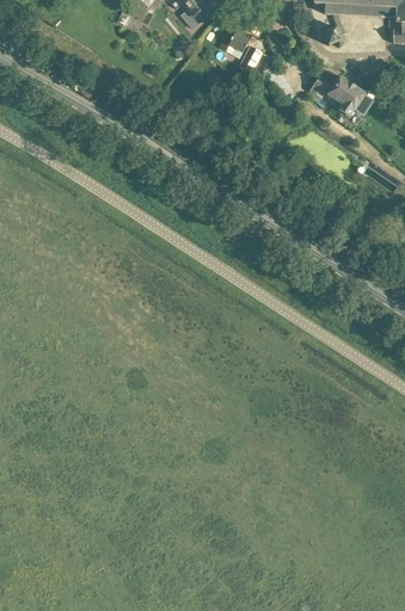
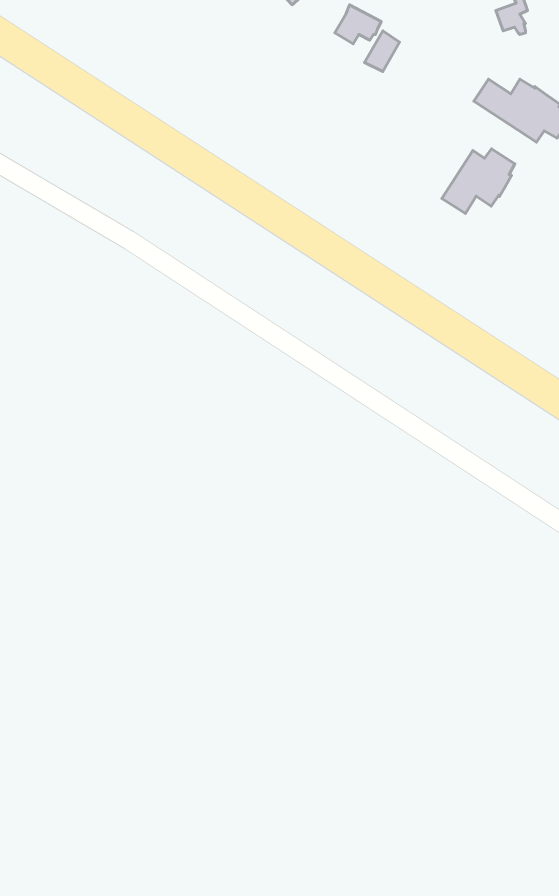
building: none -> [442,149,515,213]

